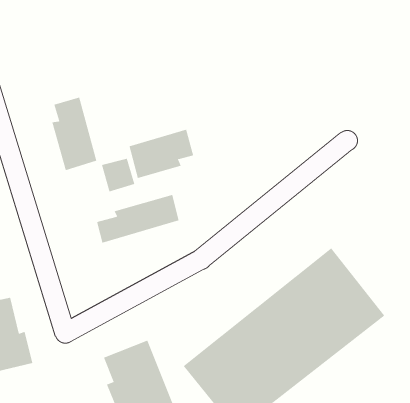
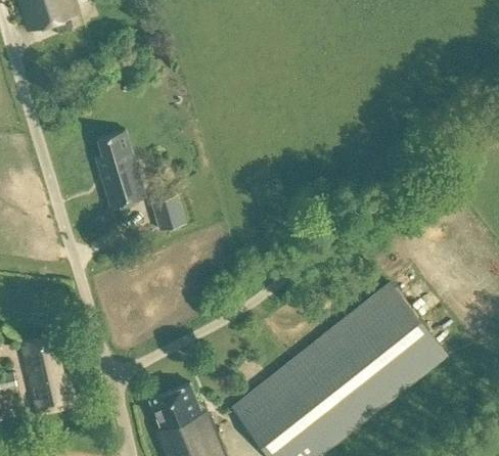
building: [129,129,194,179] -> none
building: [96,194,179,243] -> none

